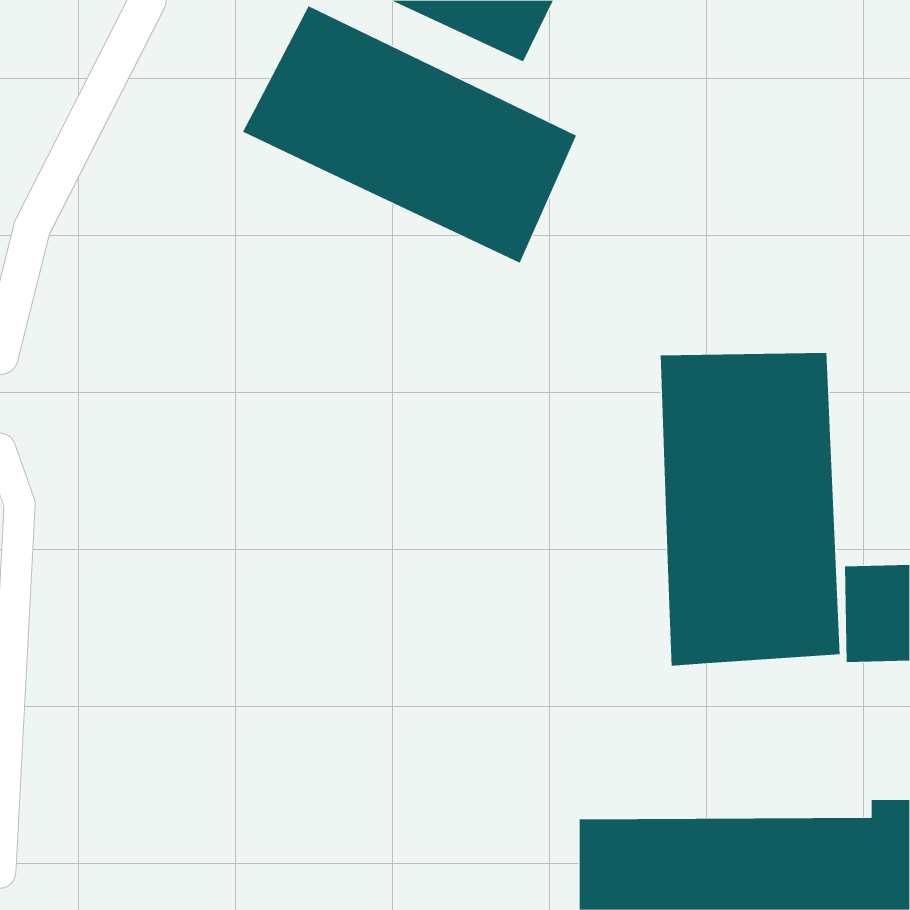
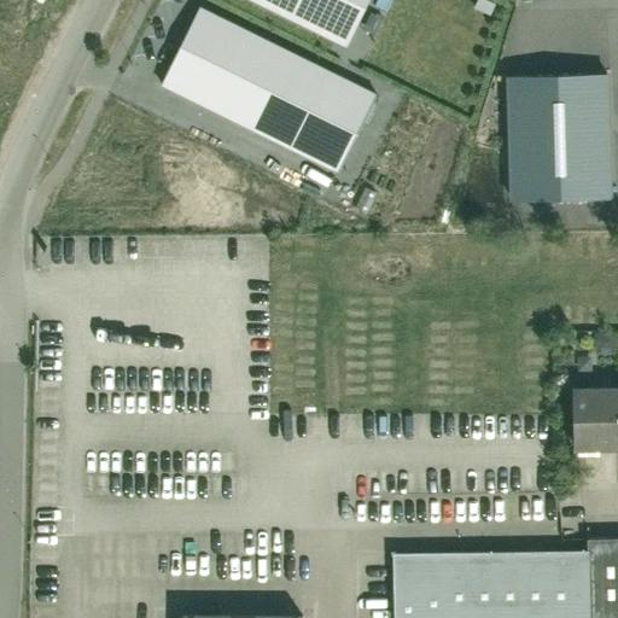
building: none -> [507,80,608,206]
building: [660,352,840,667] -> none

